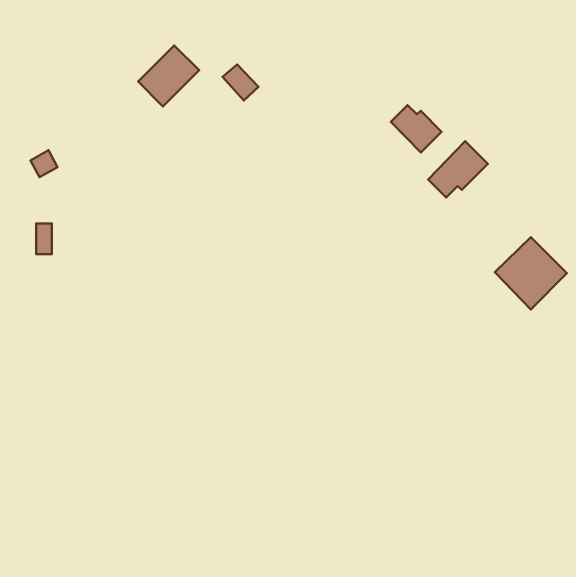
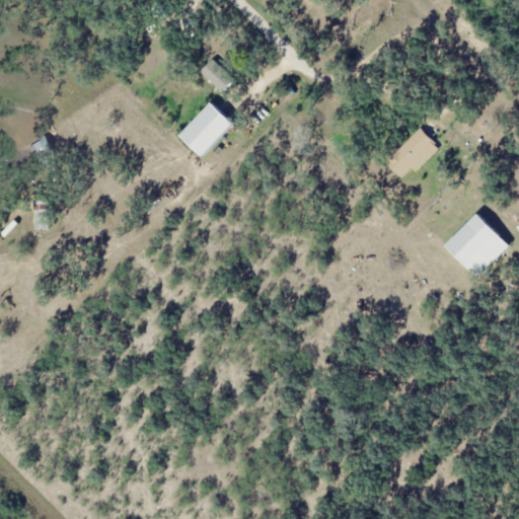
building: [138,45,199,106] -> [178,101,233,156]
building: [391,105,442,153] -> none

